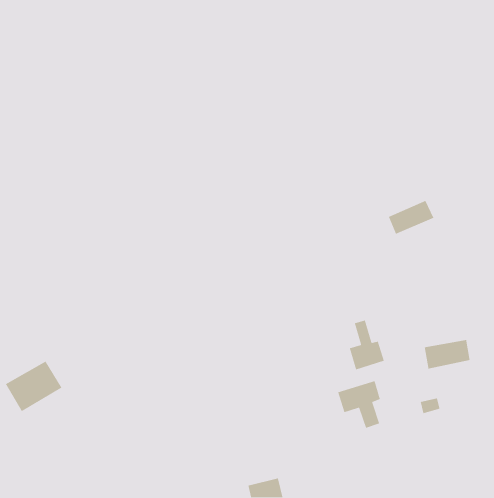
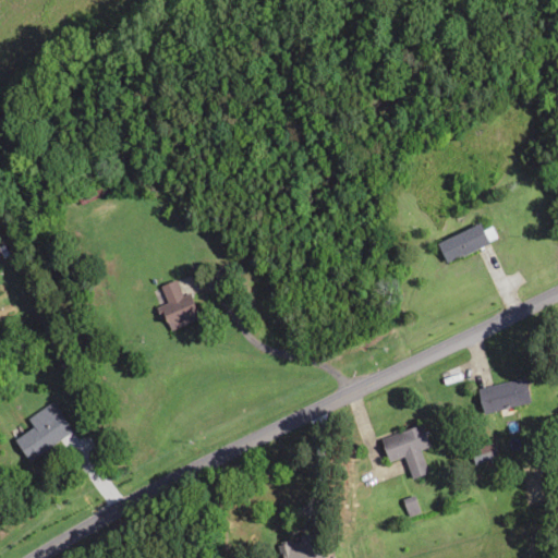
building: none -> [160,279,201,331]
building: [349,320,385,370] -> none

